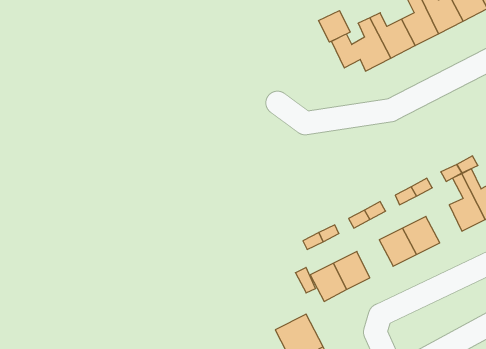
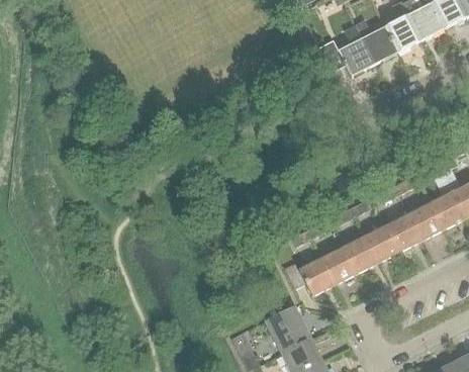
building: [319,11,350,42] -> none
building: none -> [408,203,443,240]
building: none -> [343,237,377,273]

